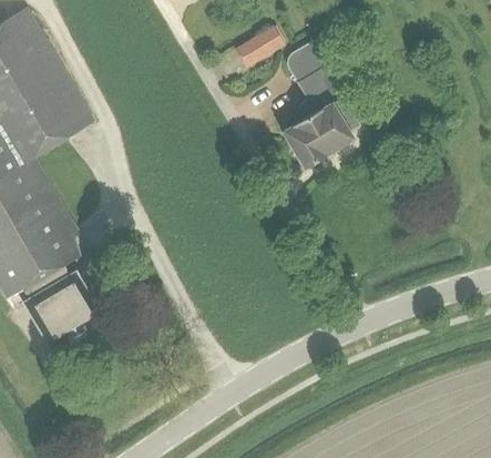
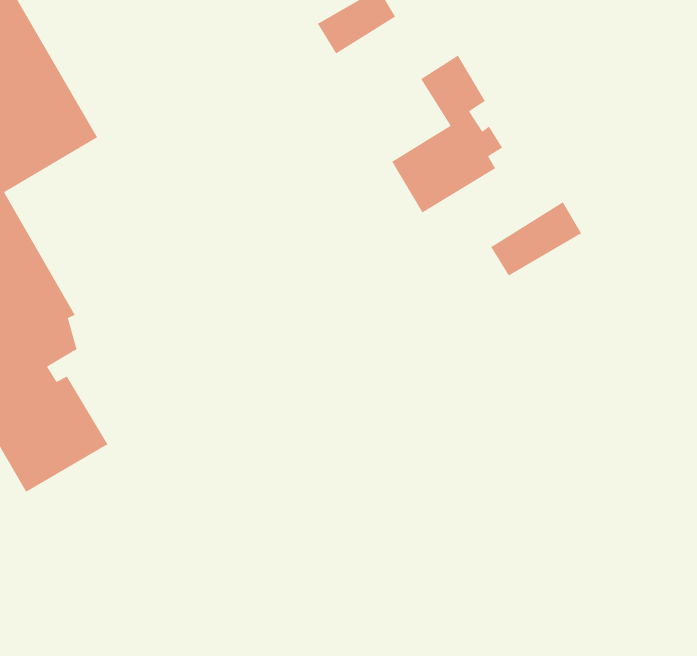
building: [288,39,331,83] -> none
building: none -> [490,201,582,277]

